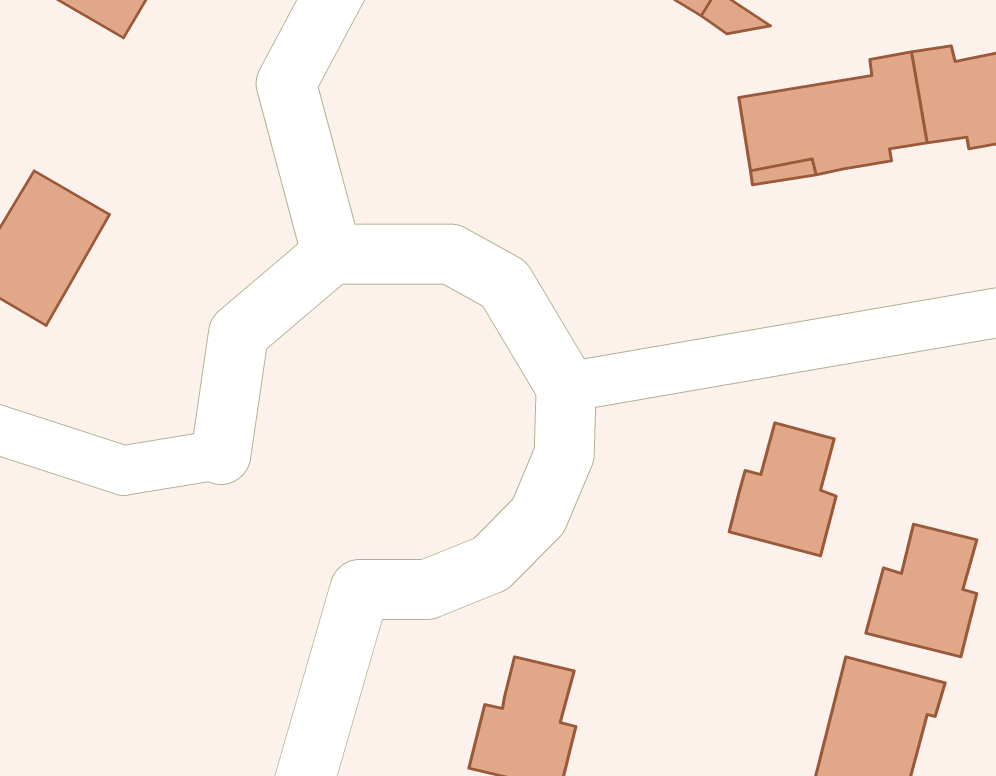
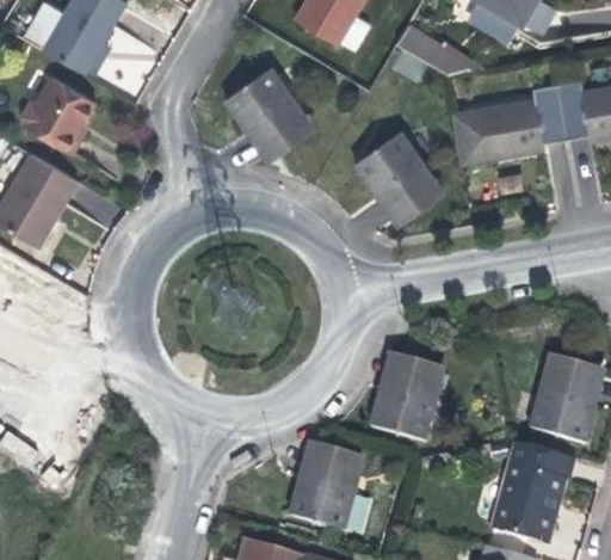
building: none -> [223,63,303,148]
building: none -> [21,74,95,155]
building: none -> [354,129,433,214]
building: [729,423,836,556] -> [370,363,434,443]

